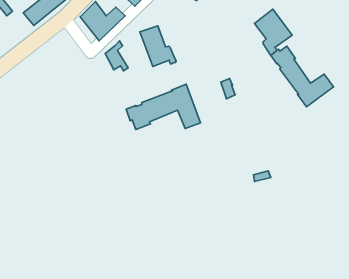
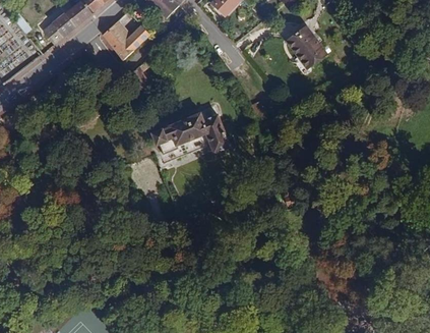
building: [140,26,176,67] -> none
building: [271,46,333,107] -> none

